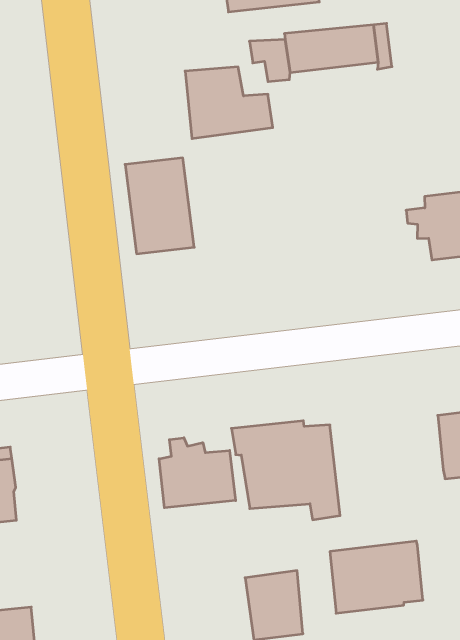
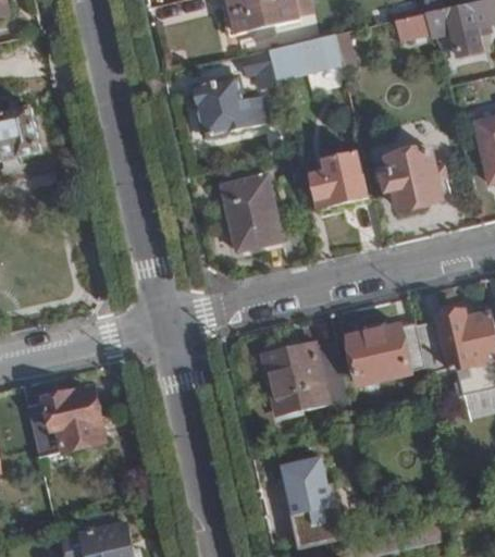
building: [125,158,194,254] -> [222,173,282,250]
building: none -> [310,152,366,207]
building: [159,438,236,508] -> none
building: [330,541,423,613] -> [350,323,425,385]

